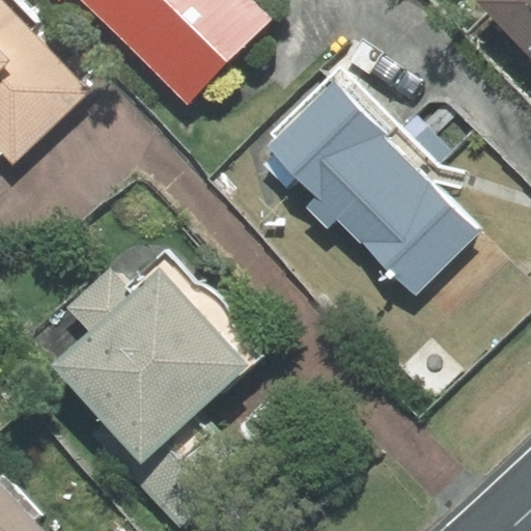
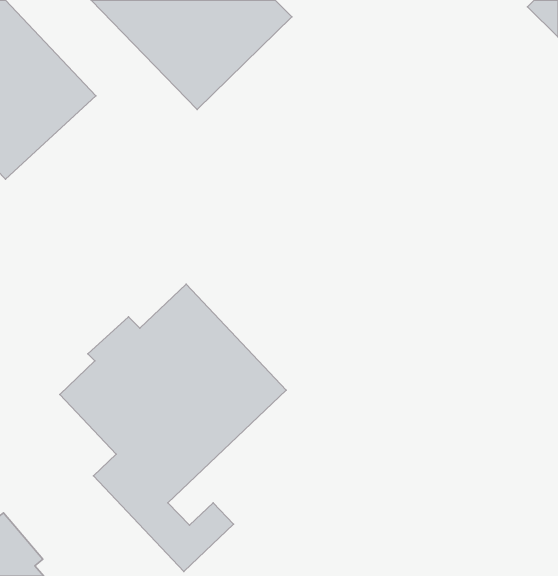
building: [251,71,483,296] -> none

